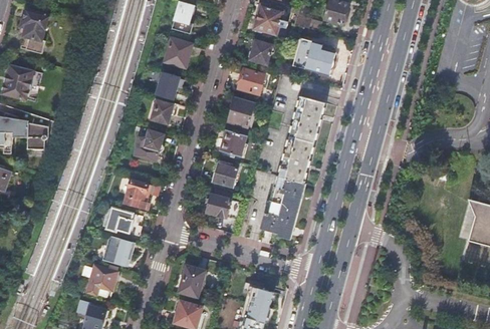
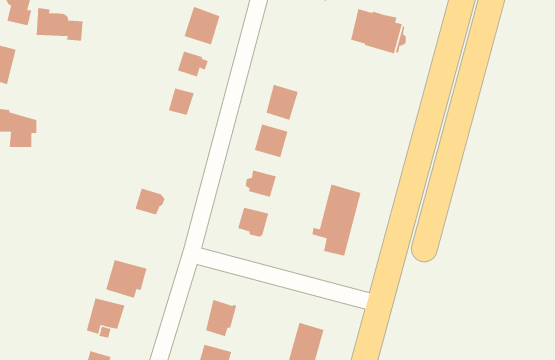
building: none -> [36,7,84,42]
building: [248,40,272,64] -> none
building: [237,69,264,95] -> none
building: [279,95,324,184] -> none
building: [136,129,164,159] -> none
building: [102,209,139,235] -> none

